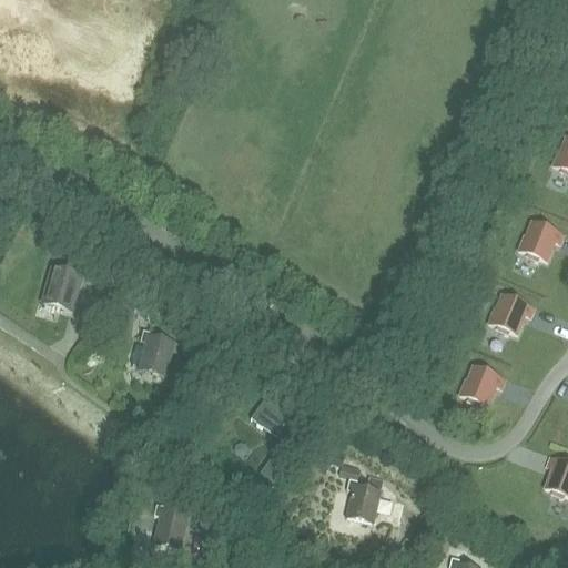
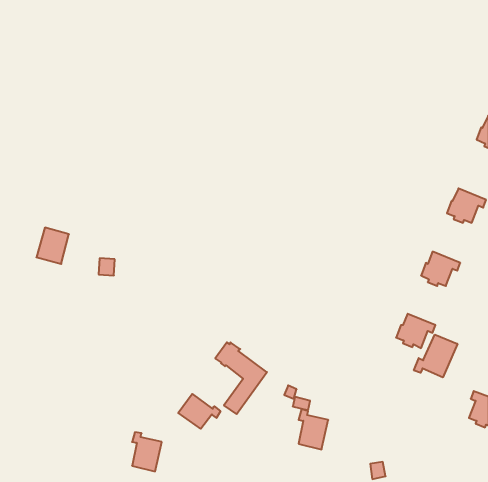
building: [140,327,175,373] -> none
building: none -> [414,335,457,377]
building: none -> [178,394,220,429]

